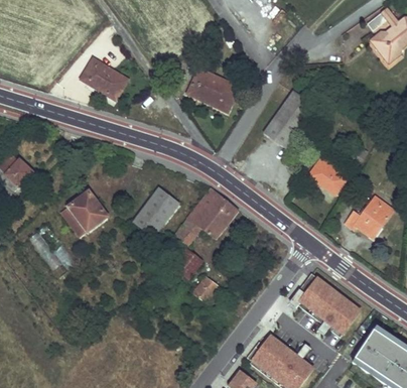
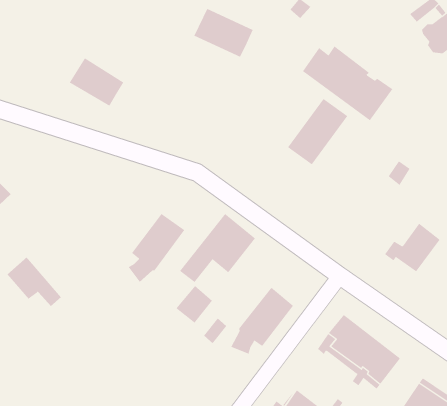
building: none -> [302,45,393,121]
building: [187,69,238,110] -> [194,8,254,57]
building: [308,160,346,195] -> none
building: [67,191,107,232] -> none
building: none -> [231,287,294,354]

